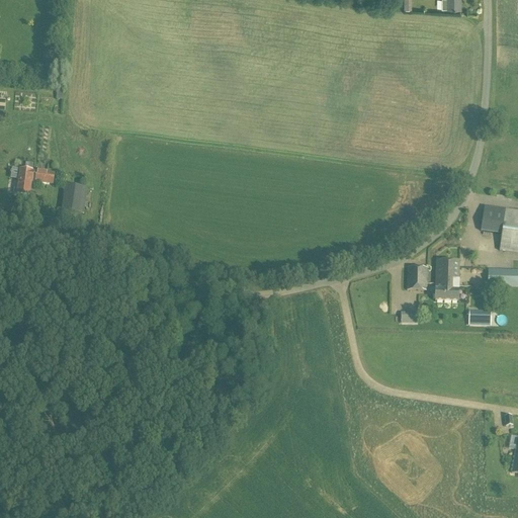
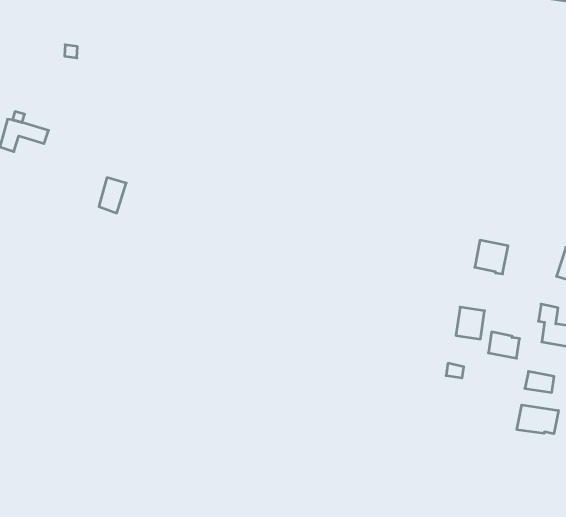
building: [64,184,83,211] -> [99,178,126,213]
building: [435,259,459,283] -> [475,240,508,274]
building: none -> [517,405,558,434]

